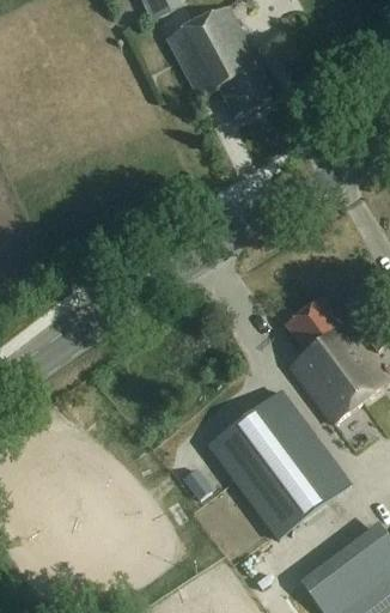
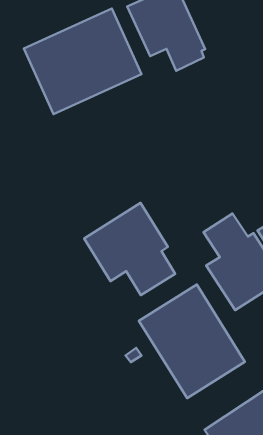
building: none -> [24,8,141,114]
building: none -> [84,203,175,295]

